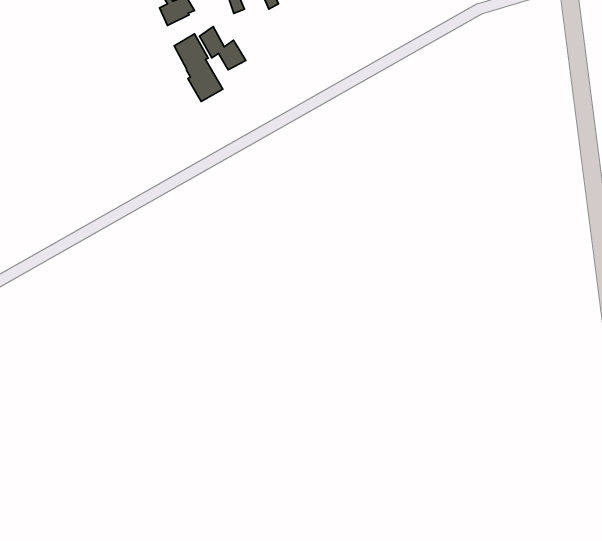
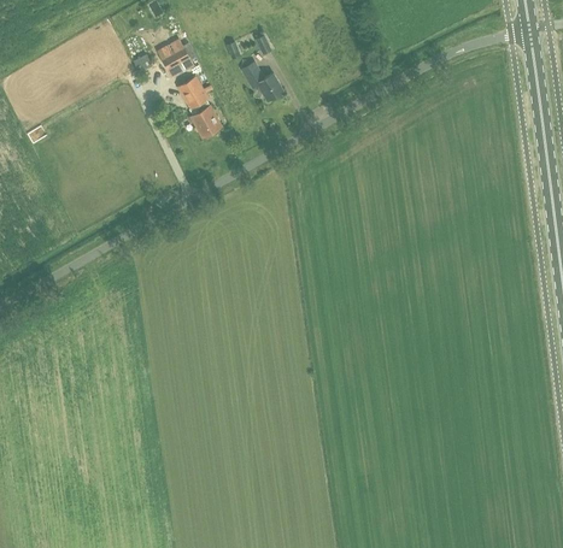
building: [200,27,246,70] -> [242,61,283,100]

